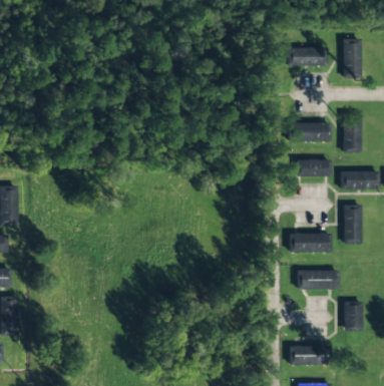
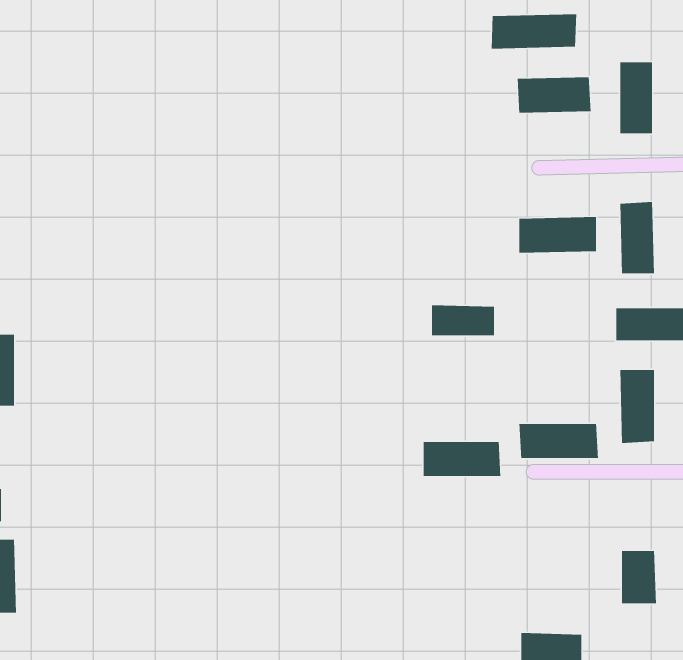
building: none -> [491,13,577,49]
building: [297,159,331,176] -> [431,304,495,336]
building: [297,271,339,290] -> [423,441,501,477]

